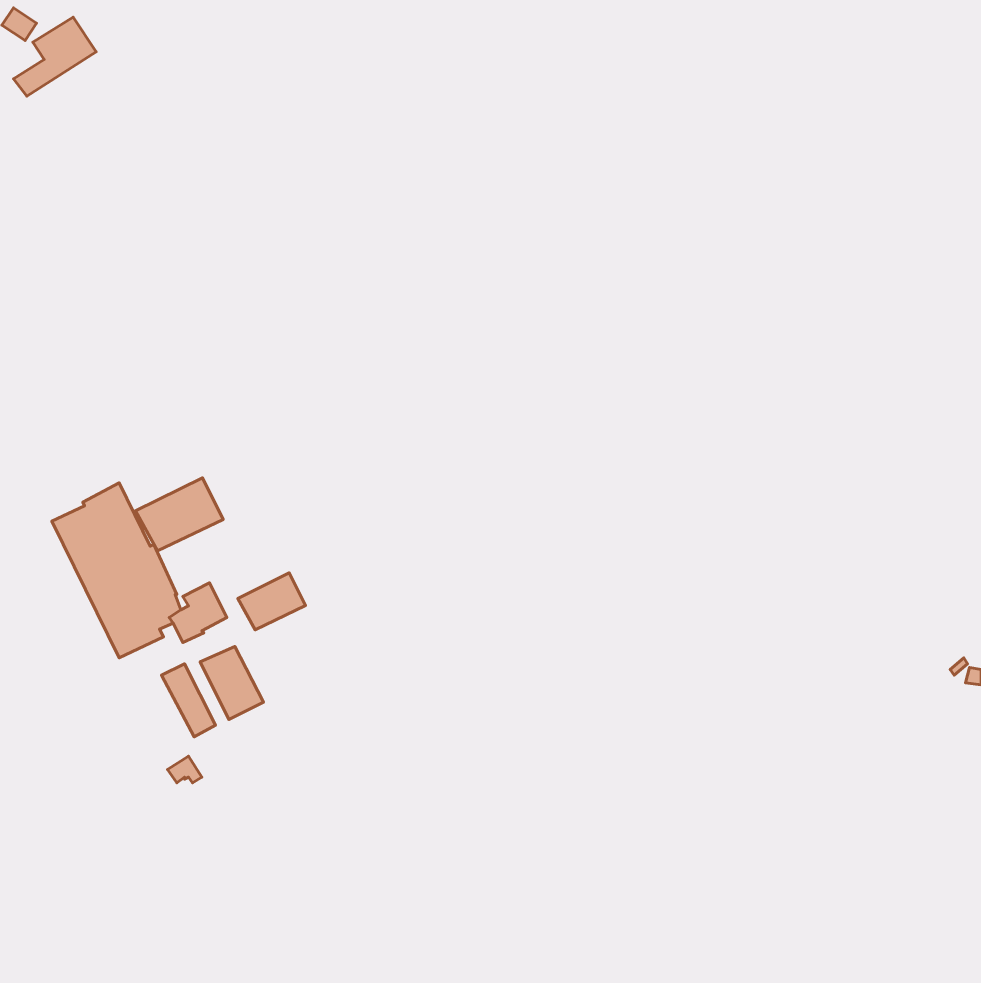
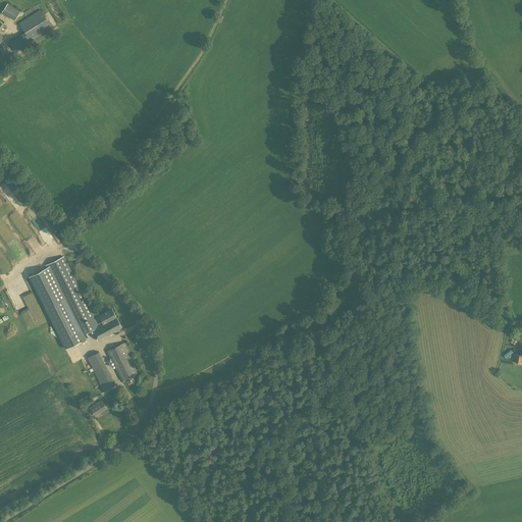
building: [135,478,223,551] -> none
building: [238,573,306,630] -> none

